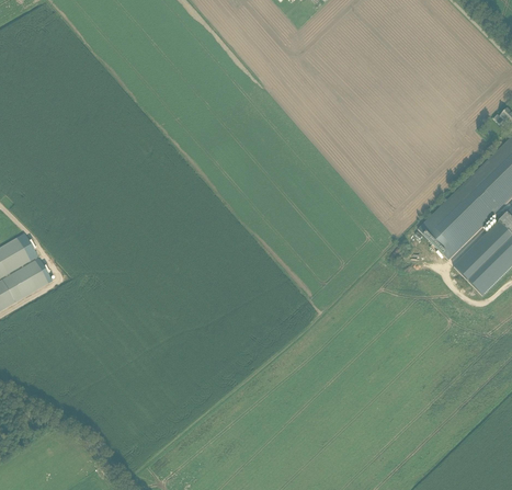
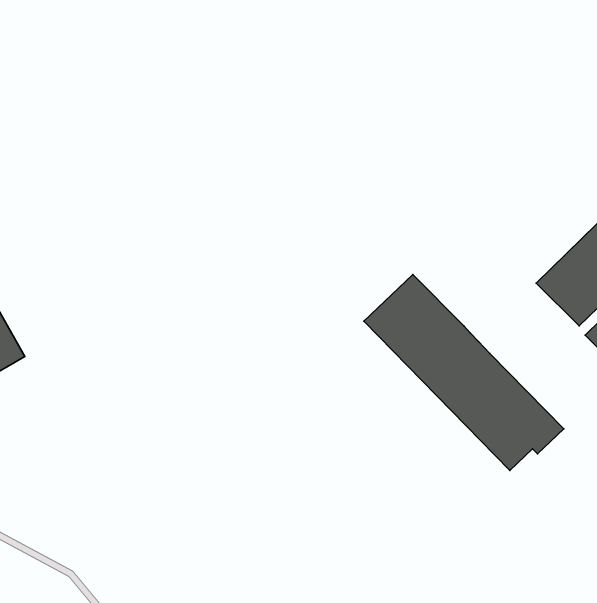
building: none -> [364,274,564,471]

